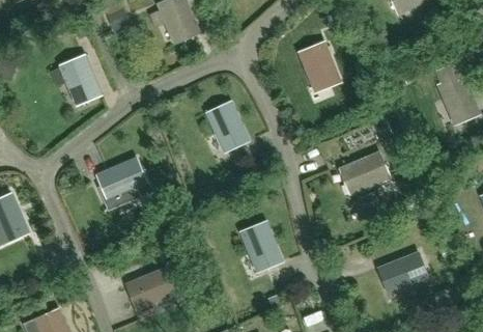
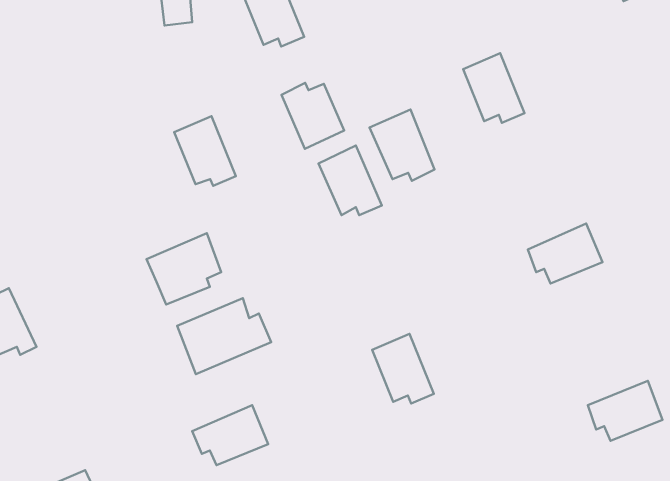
building: [61,56,101,101] -> [174,116,236,186]
building: none -> [281,83,344,149]
building: none -> [370,110,435,181]
building: none -> [177,298,271,374]

